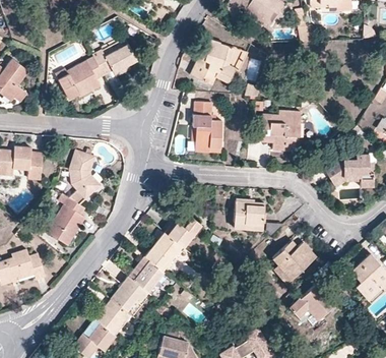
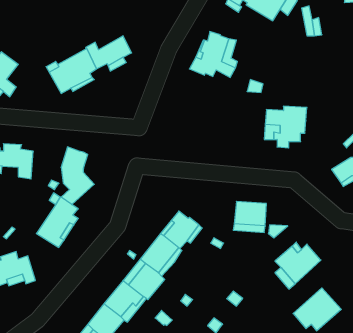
building: [194,101,224,152] -> none

